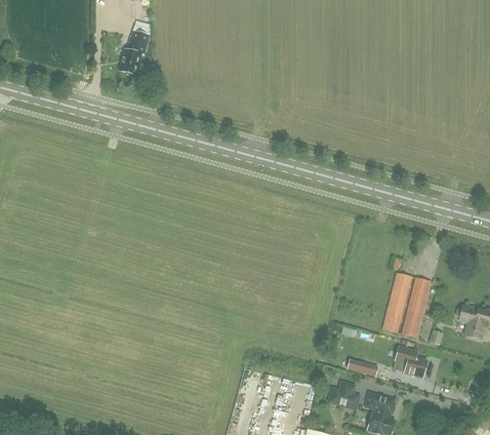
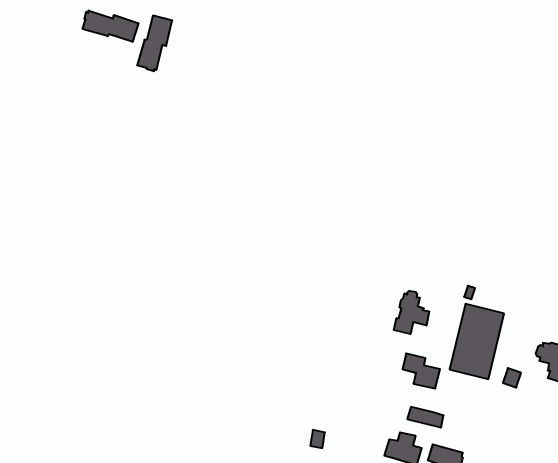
building: none -> [83,10,138,42]
building: none -> [394,291,429,334]
building: [396,346,427,375] -> [403,353,440,389]

